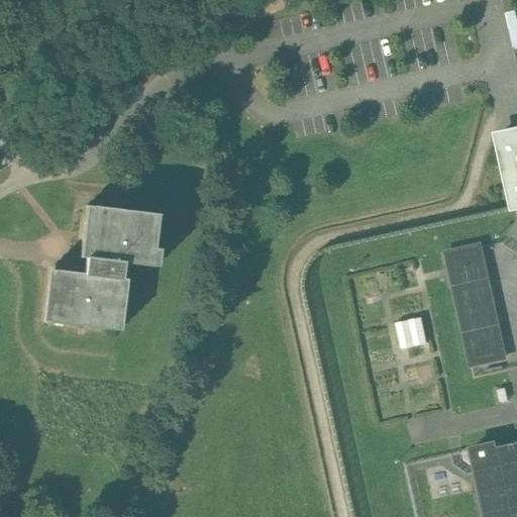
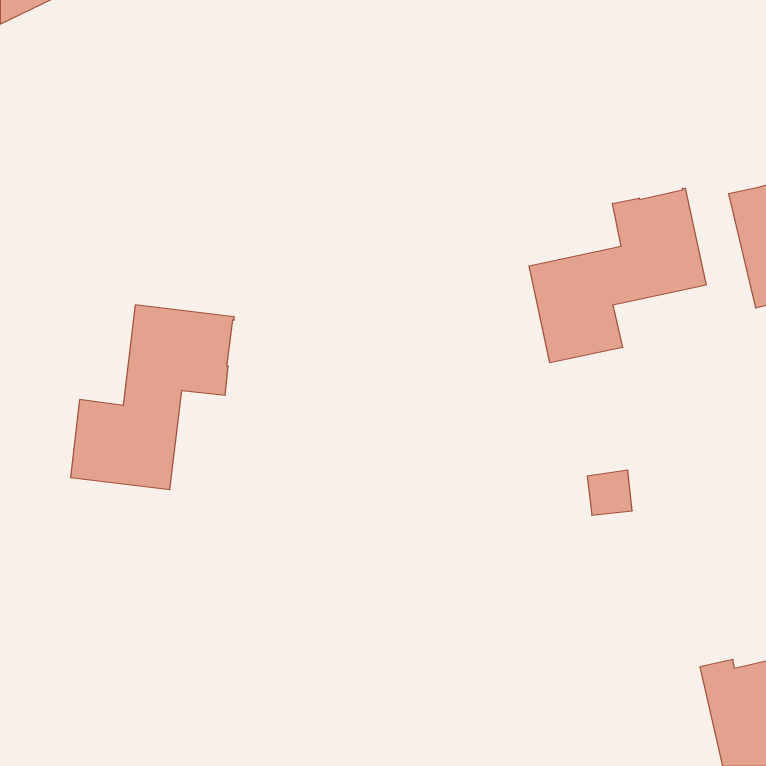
building: none -> [529,188,706,363]
building: [447,245,504,365] -> none

